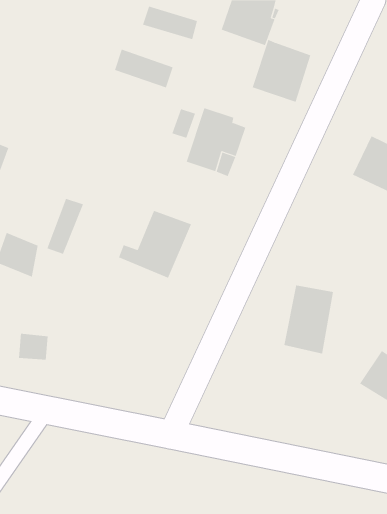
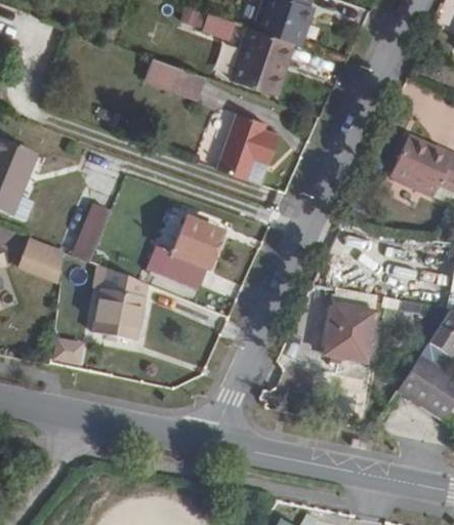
building: [252,39,311,103] -> [232,28,292,92]
building: none -> [87,265,149,333]

